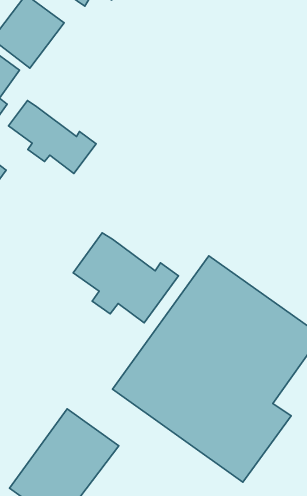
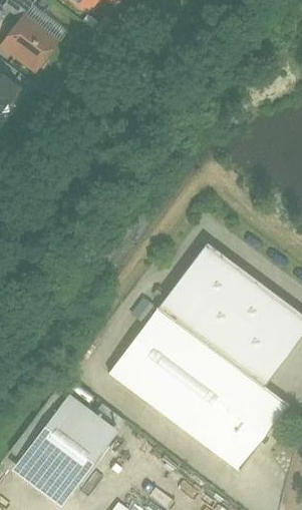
building: [9,100,96,173] -> none
building: [73,233,178,323] -> none

